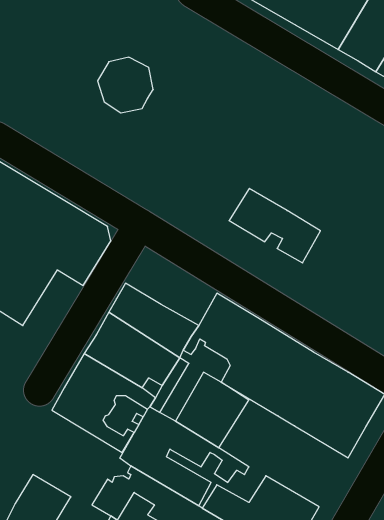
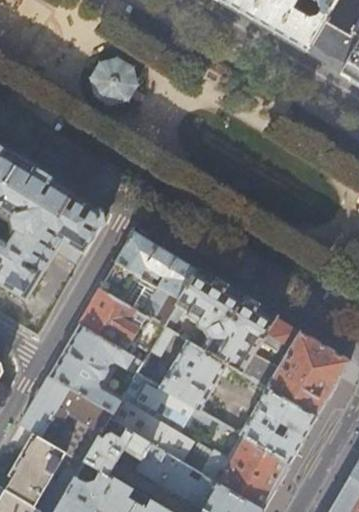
building: [229,188,320,263] -> [116,232,198,299]
building: none -> [21,375,113,463]
building: none -> [242,389,316,462]

